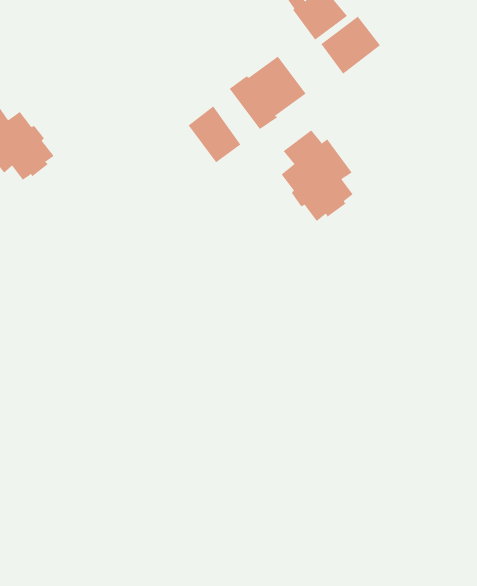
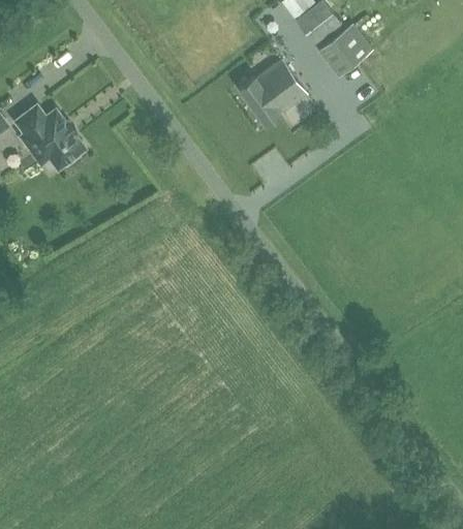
building: [188,106,241,163] -> none
building: [281,129,354,222] -> none

